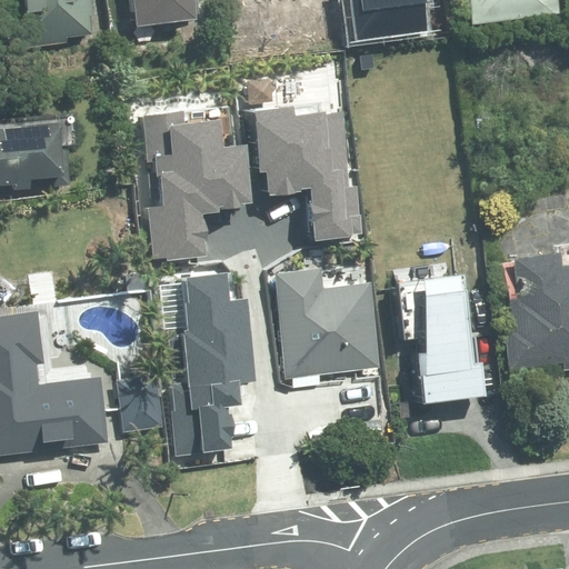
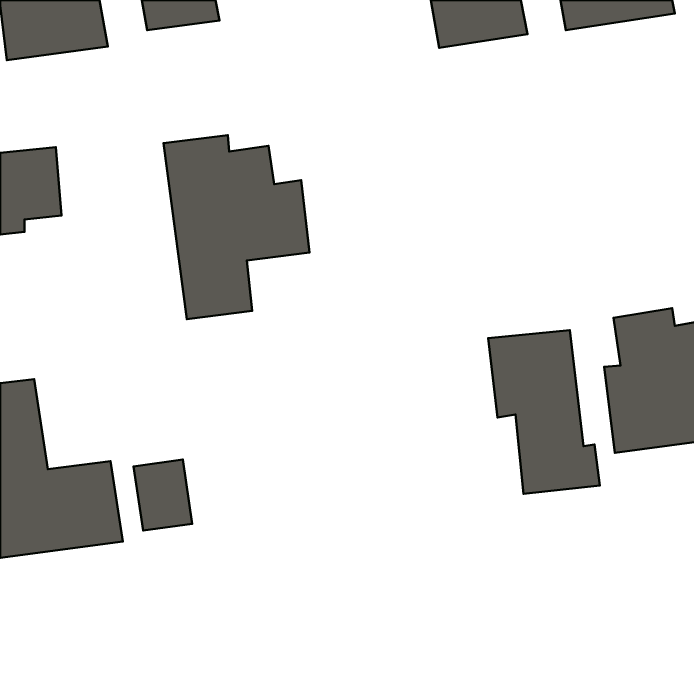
building: [257,110,368,243] -> none
building: [262,267,371,422] -> none
building: [170,276,259,455] -> none

